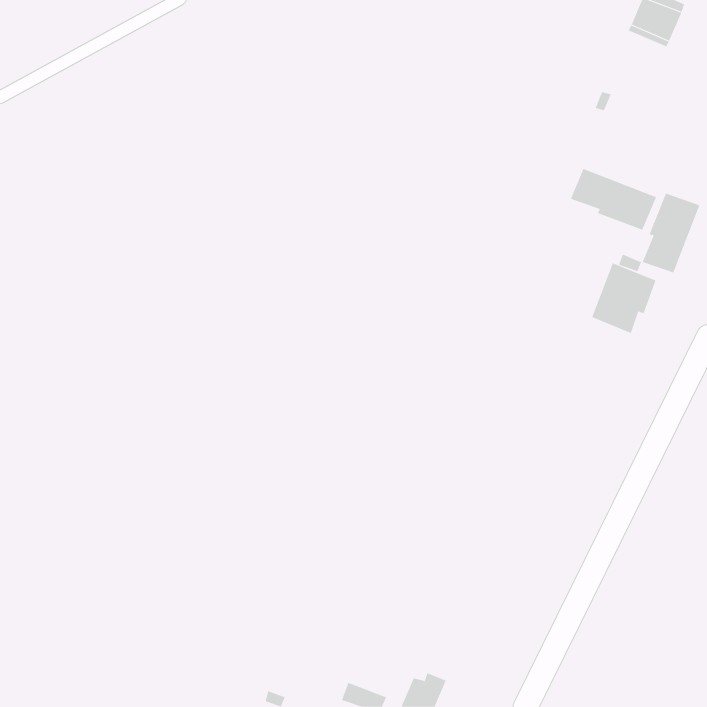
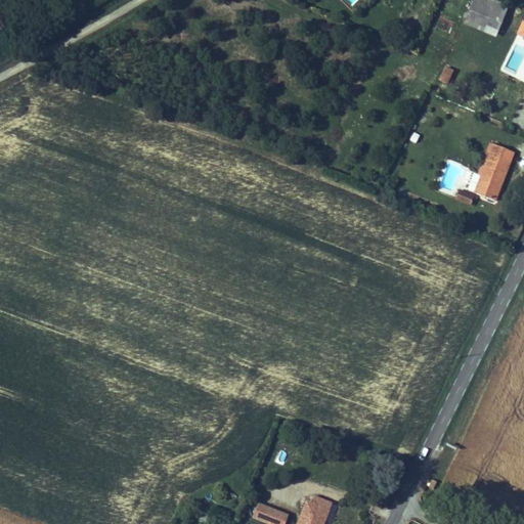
building: [570,168,657,230] -> none
building: [591,263,656,334] -> none

